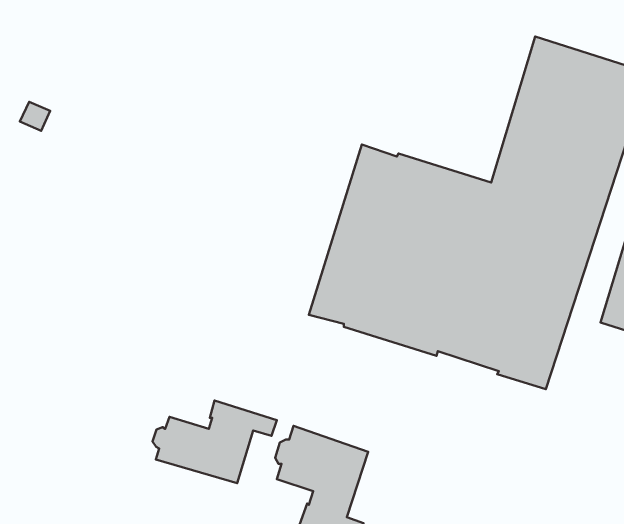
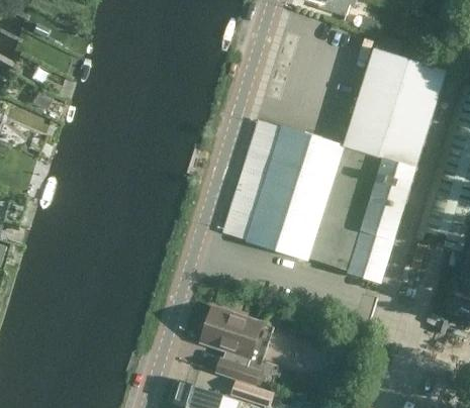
building: [152,400,277,483] -> none

